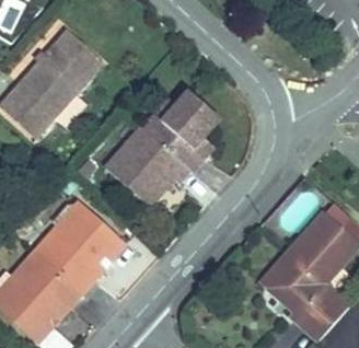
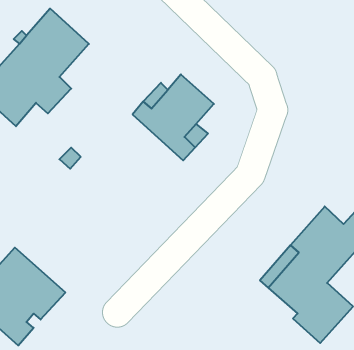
building: [104,125,190,206] -> none
building: [34,205,125,292] -> none

